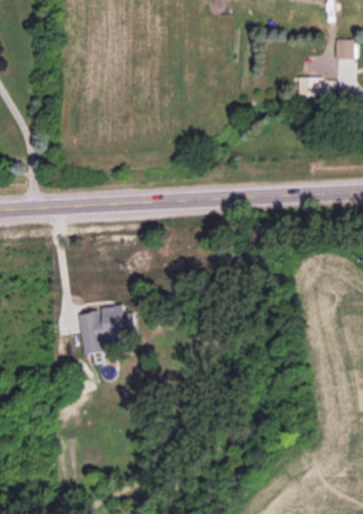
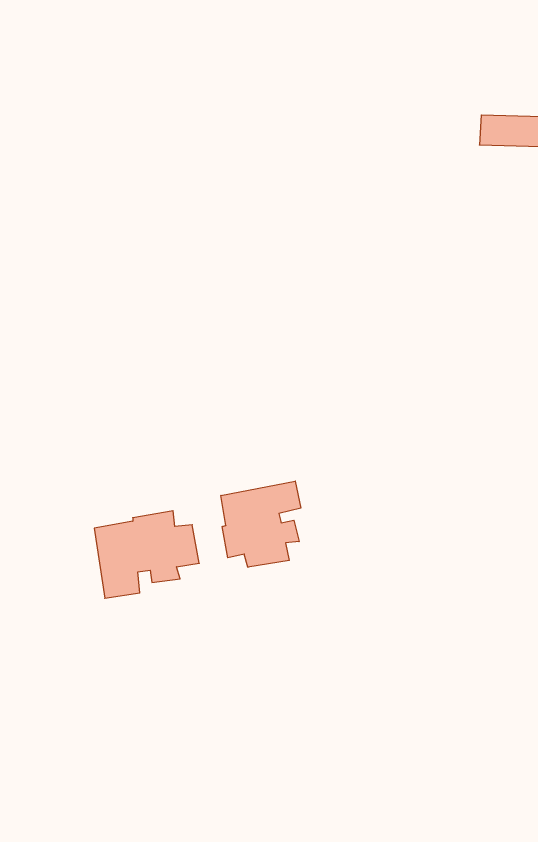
building: none -> [221,481,301,567]

